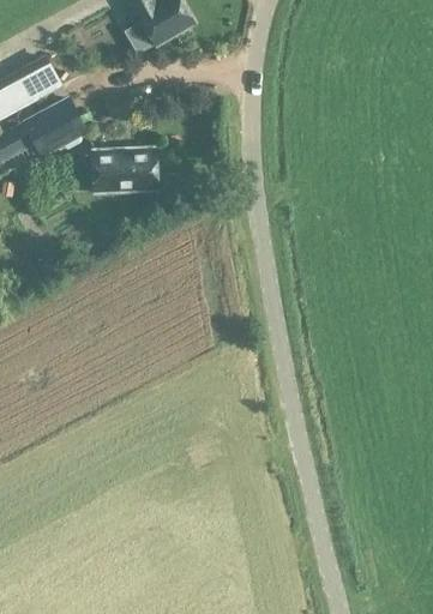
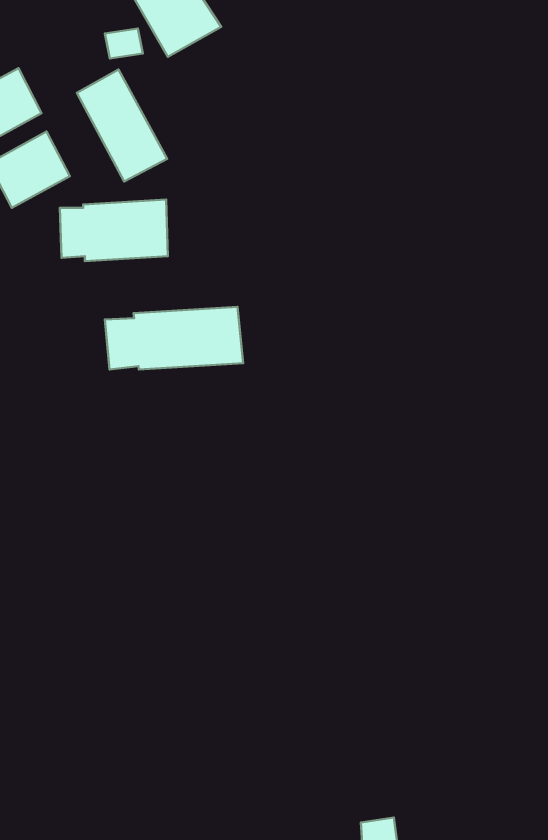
building: none -> [77,69,167,181]
building: none -> [105,307,243,370]

